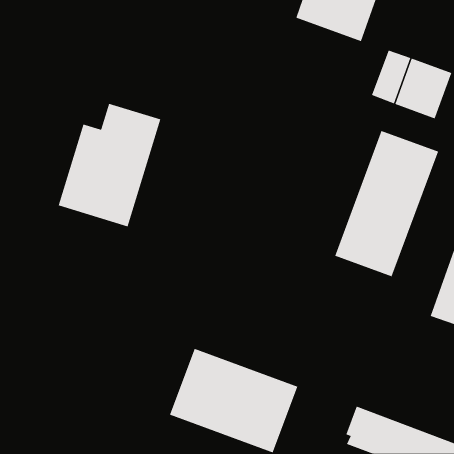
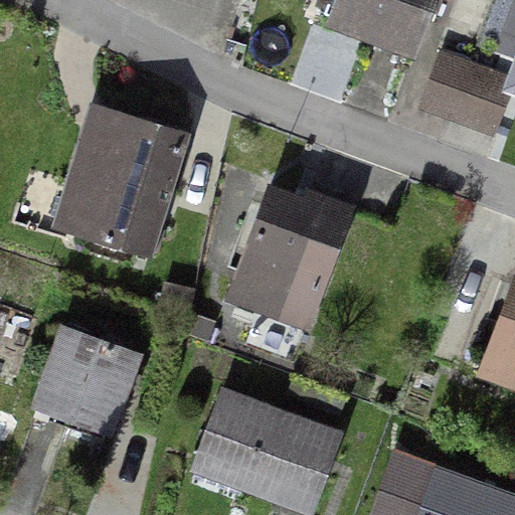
building: [334,130,439,277] -> none
building: none -> [227,190,348,327]
building: none -> [34,330,134,432]

